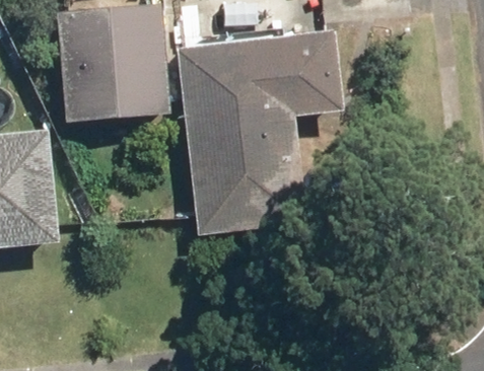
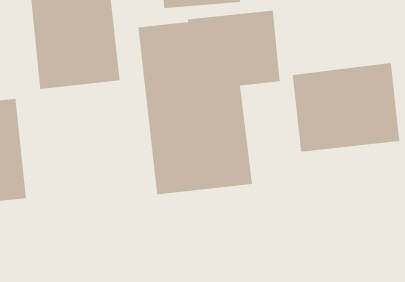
building: none -> [292,62,400,153]

